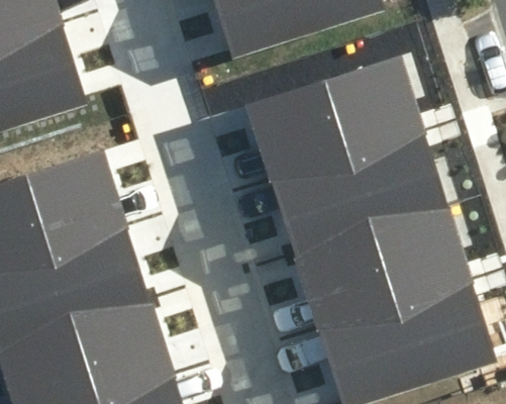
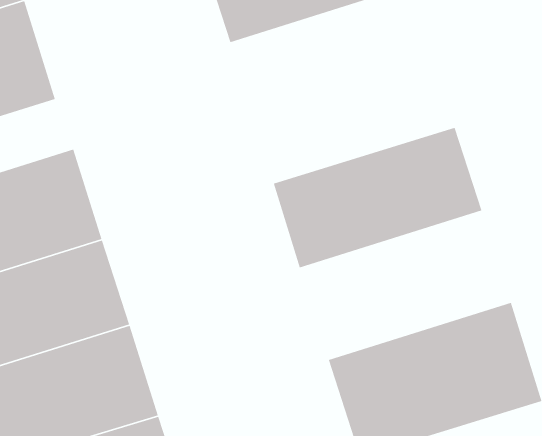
building: [245,54,423,179] -> none
building: [292,202,471,327] -> none

